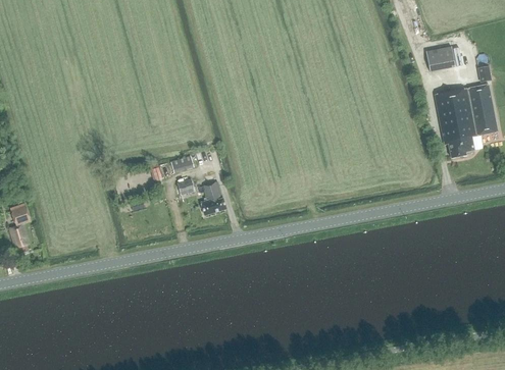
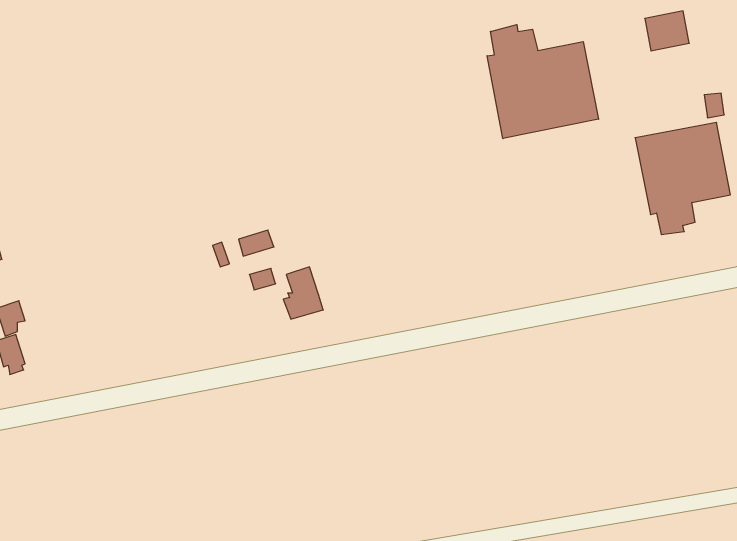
building: none -> [487,25,599,139]
building: [425,45,455,71] -> [645,11,689,51]

